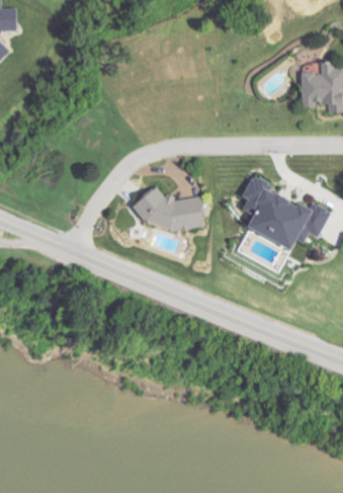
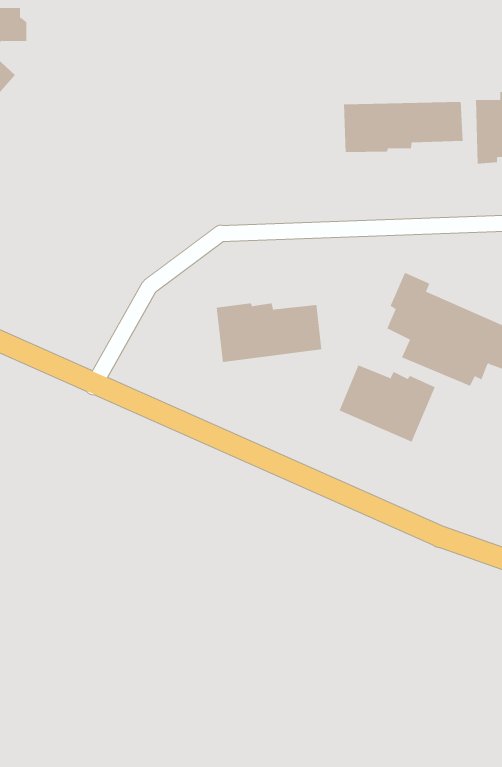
building: none -> [343,101,463,153]
building: none -> [339,365,436,443]

